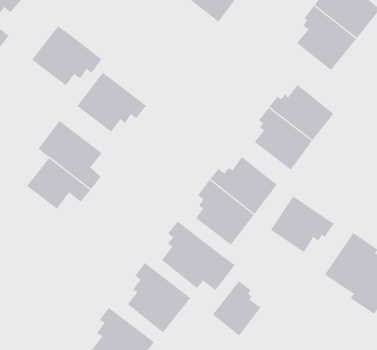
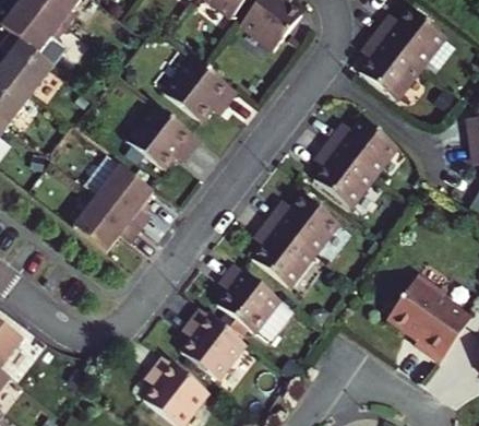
building: [31,26,102,86] -> [161,56,237,120]
building: [270,195,334,253] -> none
building: [212,280,261,336] -> none

